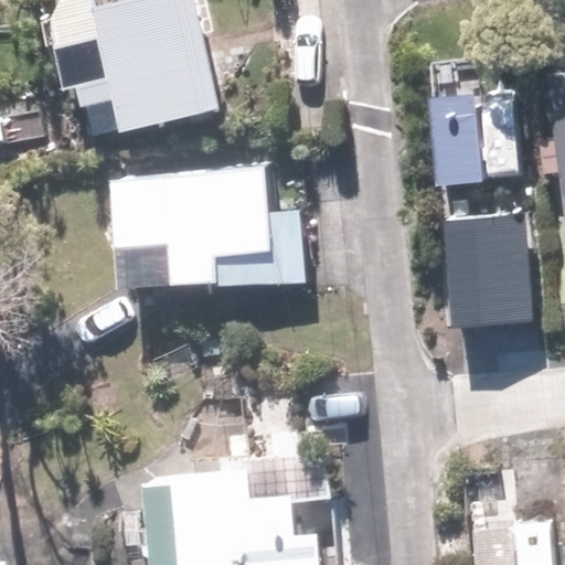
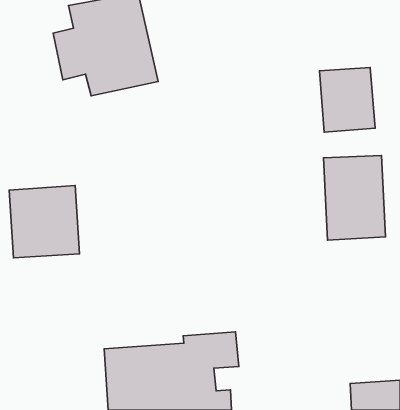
building: [115,171,281,291] -> none
building: none -> [9,185,80,258]

